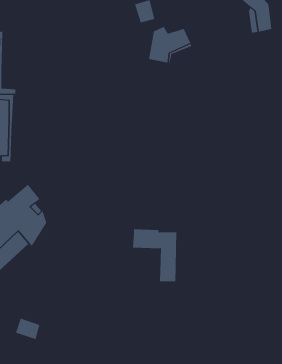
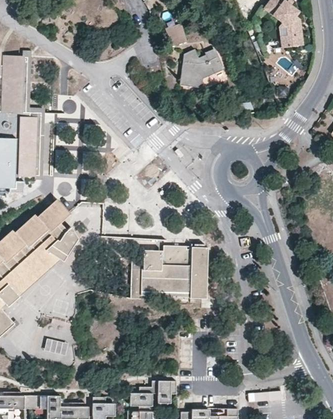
building: none -> [130,250,190,299]

